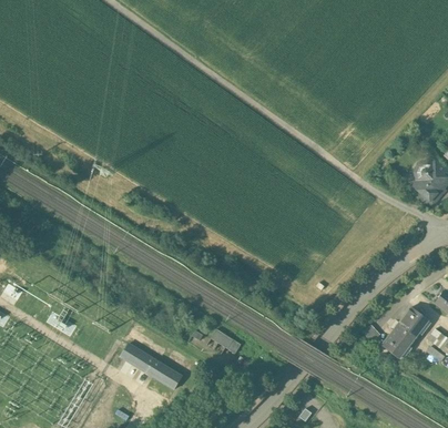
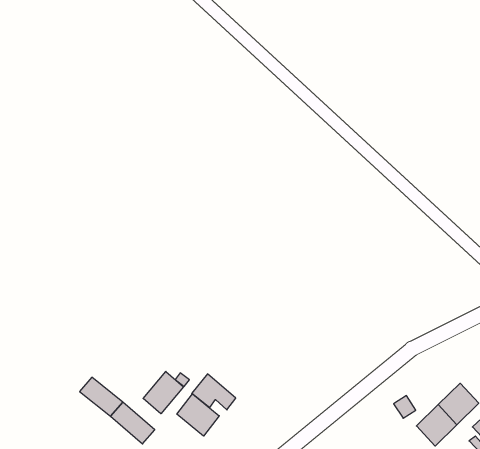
building: none -> [143,371,184,414]
building: none -> [177,394,219,436]

